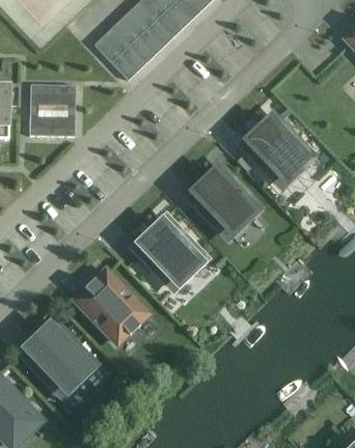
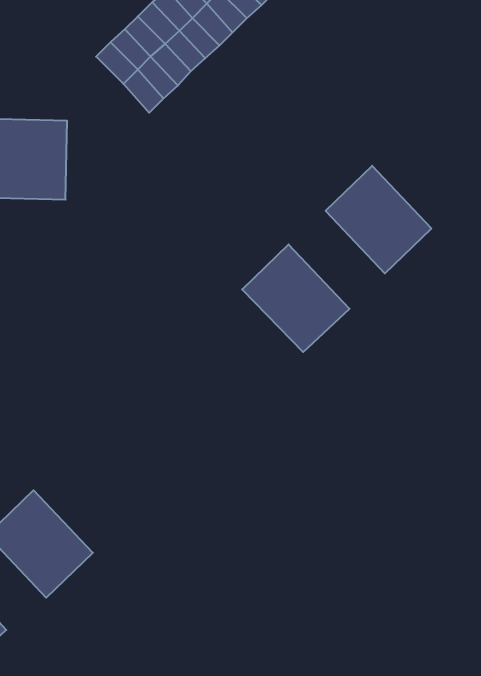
building: [134,216,202,285] -> none
building: [77,271,145,340] -> none

